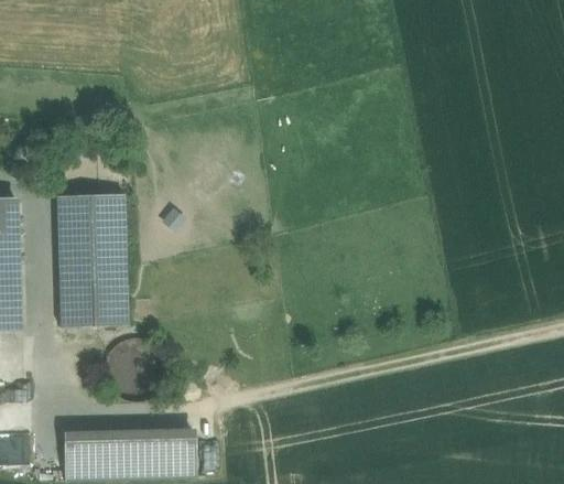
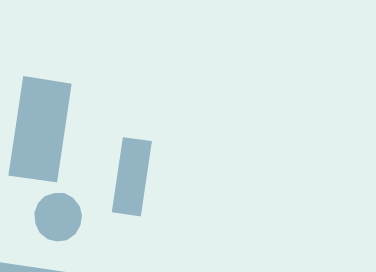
building: none -> [111,136,152,217]

